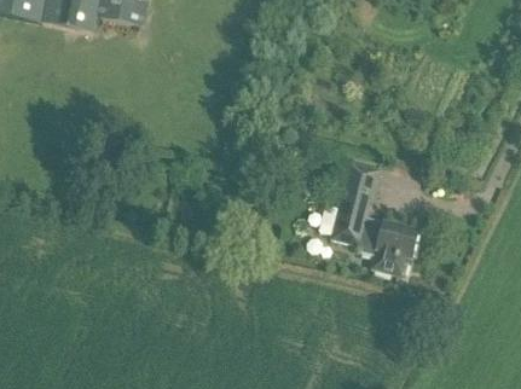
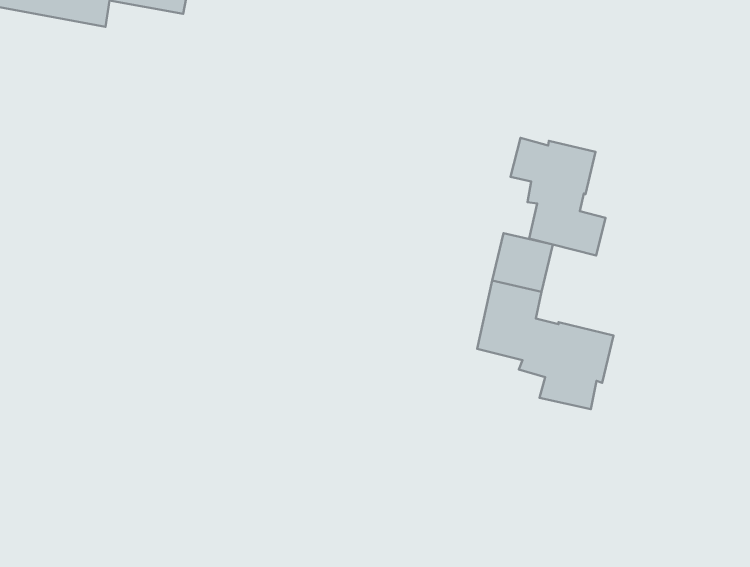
building: none -> [510,138,606,256]

